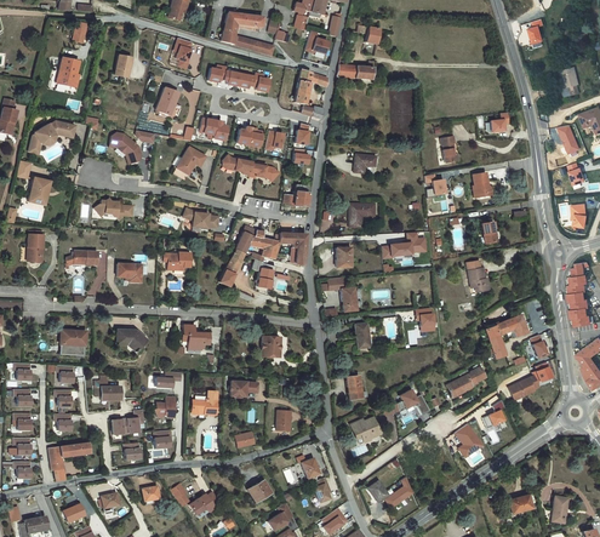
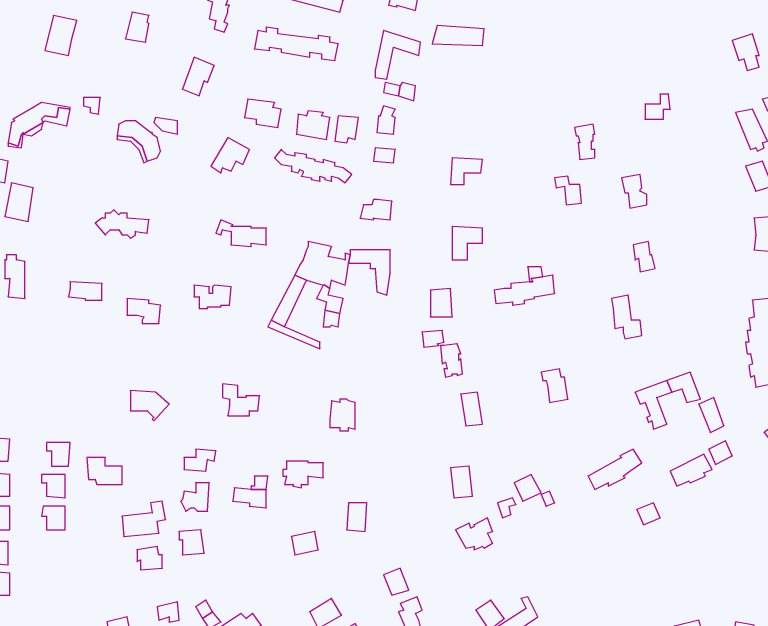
building: [61,329,85,353] -> none
building: [452,423,481,458] -> none
building: [48,441,90,481] -> none

